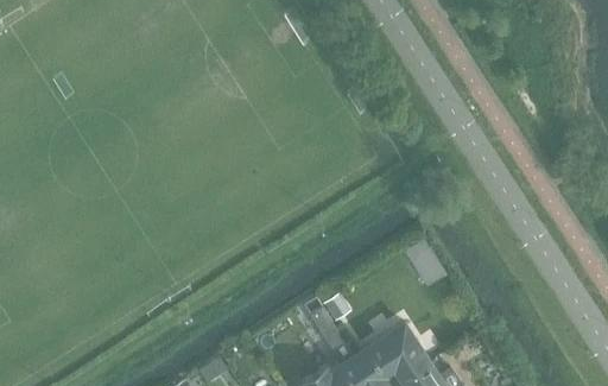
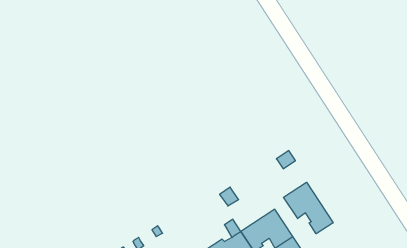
building: none -> [283,182,333,234]

